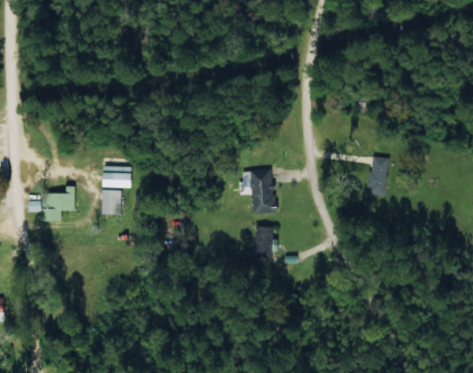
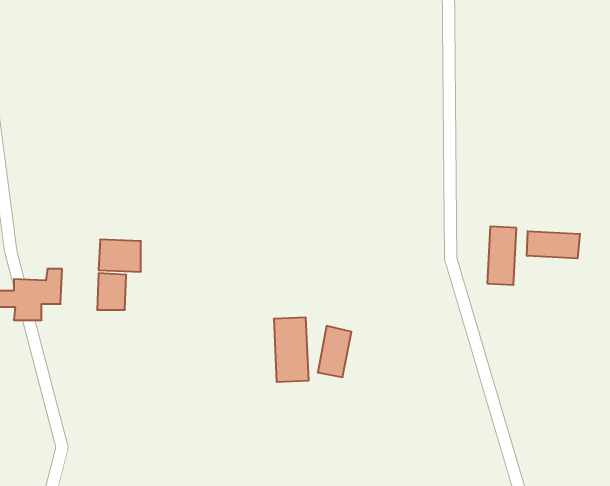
building: none -> [527,231,580,258]
building: [251,169,275,213] -> [274,317,309,382]

